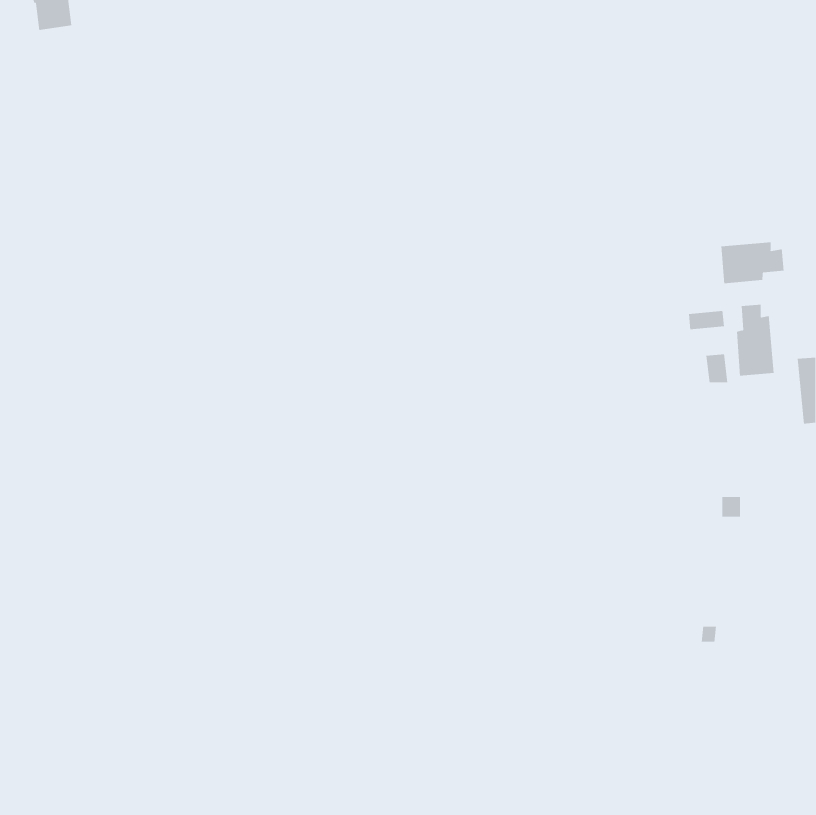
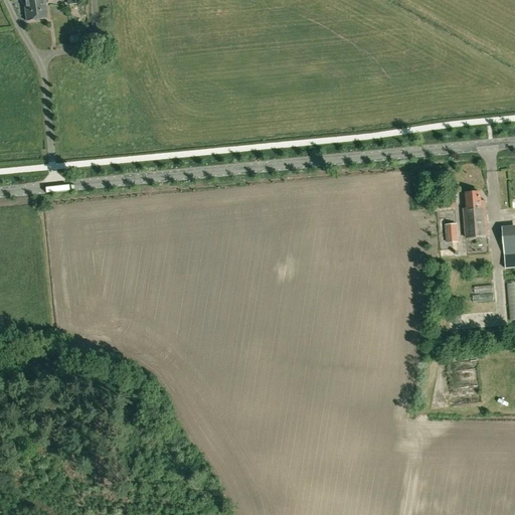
building: [721,242,784,284] -> none

